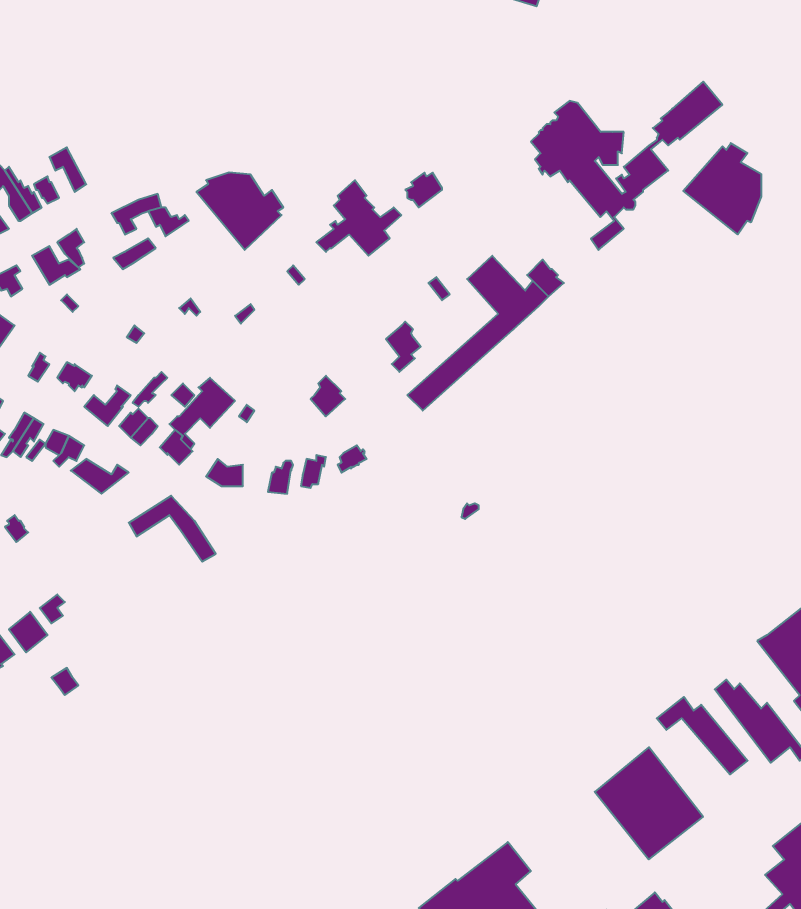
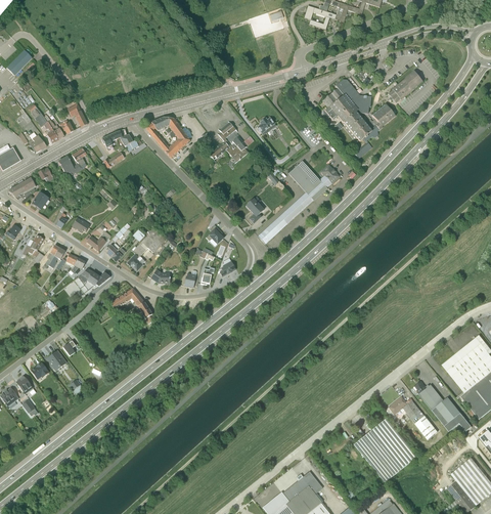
building: [683,143,761,234] -> none

